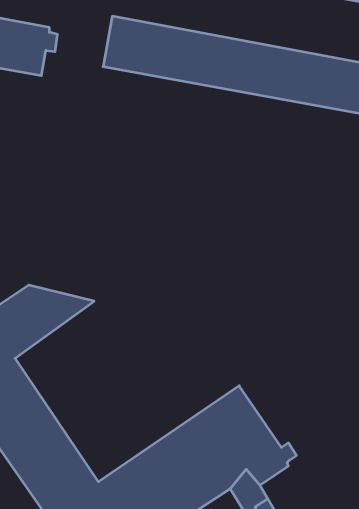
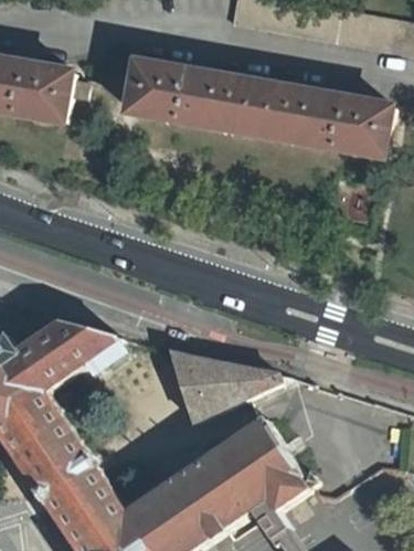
building: none -> [168,348,275,422]

